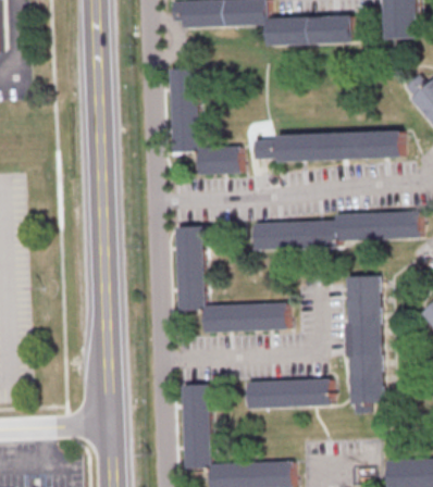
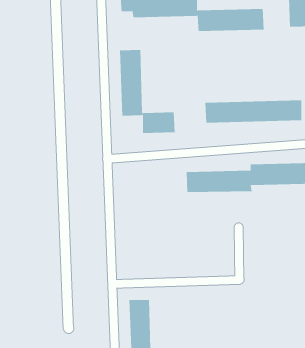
building: [252,139,276,159] -> none
building: [175,226,287,332] -> none
building: [347,275,383,413] -> none
building: [248,378,332,408] -> none

